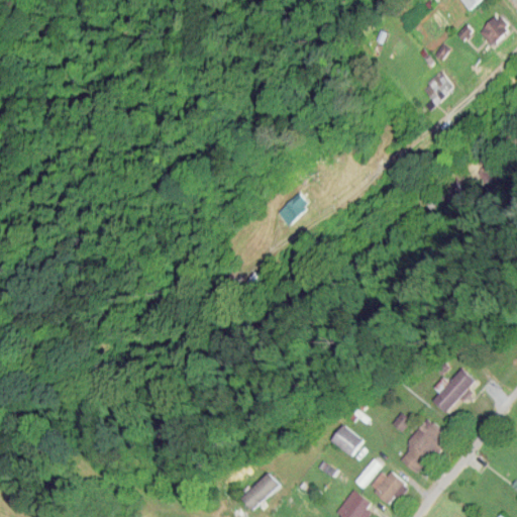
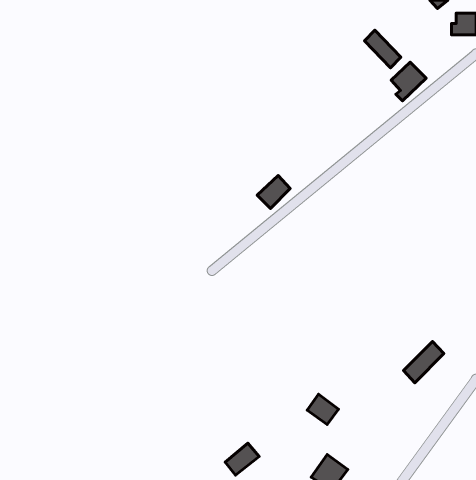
building: none -> [365,30,401,68]
building: [395,419,448,474] -> none
building: [368,467,407,506] -> none

